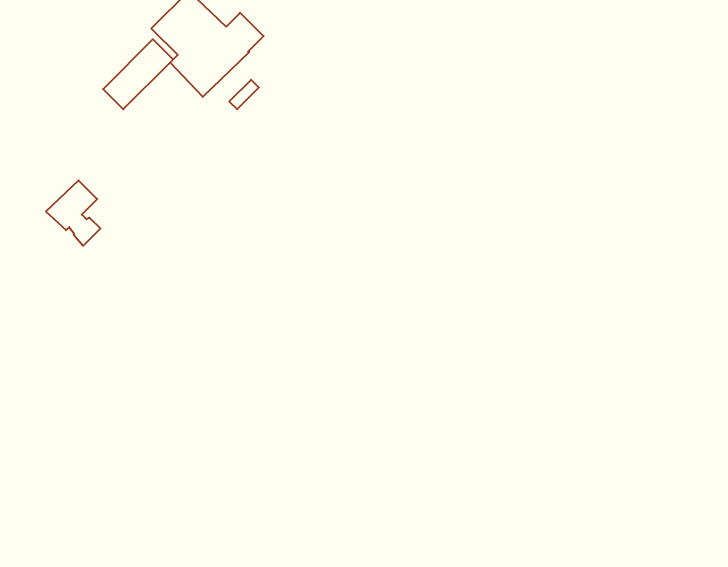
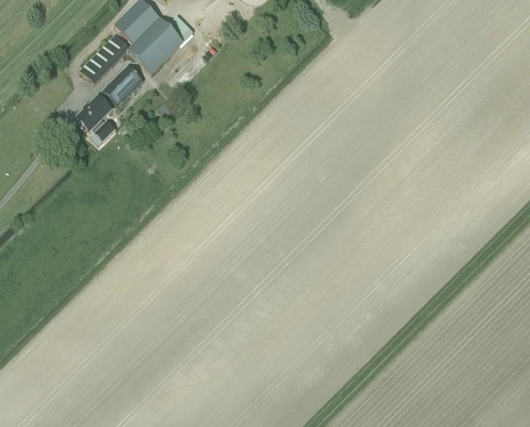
building: none -> [103,64,145,105]
building: [46,180,100,246] -> [76,94,115,140]

